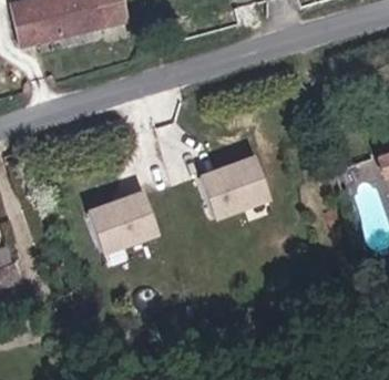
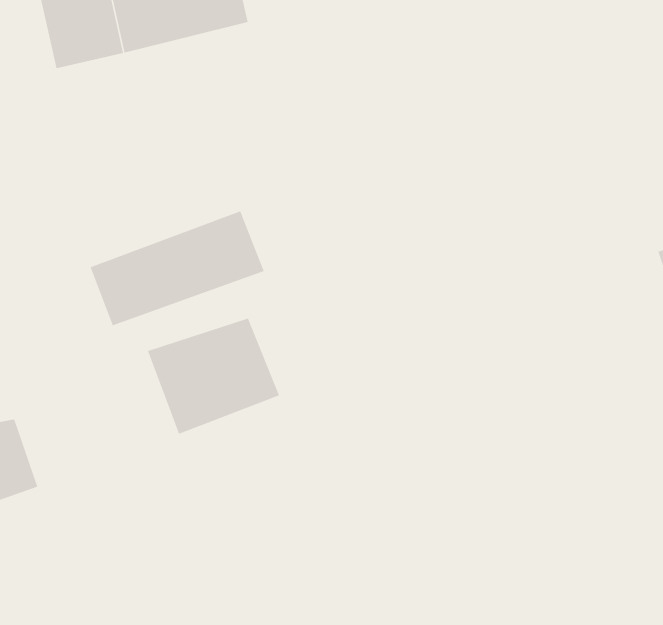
building: none -> [90,211,264,326]
building: [198,153,272,218] -> none

